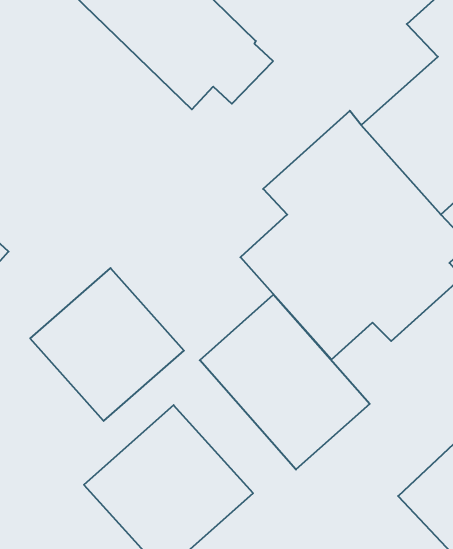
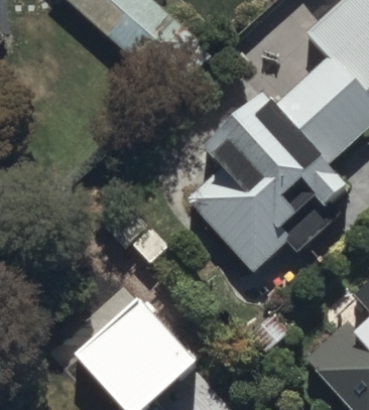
building: [30,268,184,421] -> none
building: [200,295,370,470] -> none

